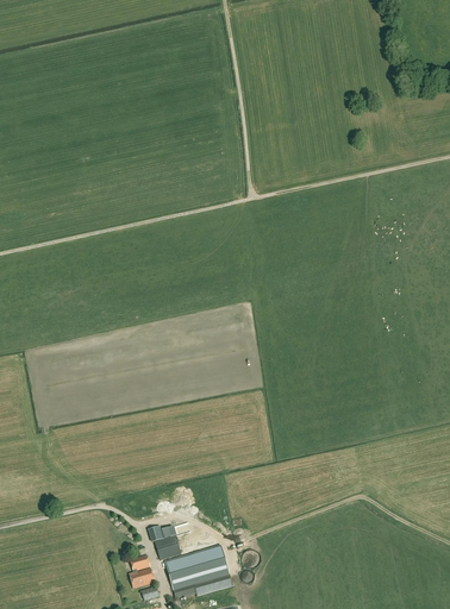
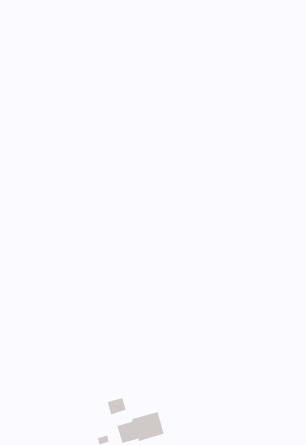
building: [129,553,155,588] -> none

